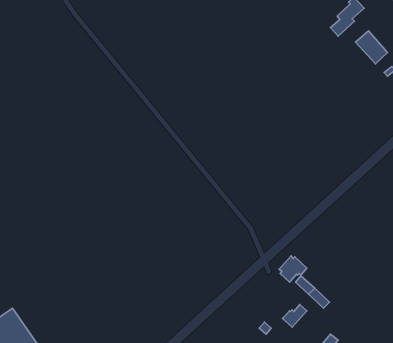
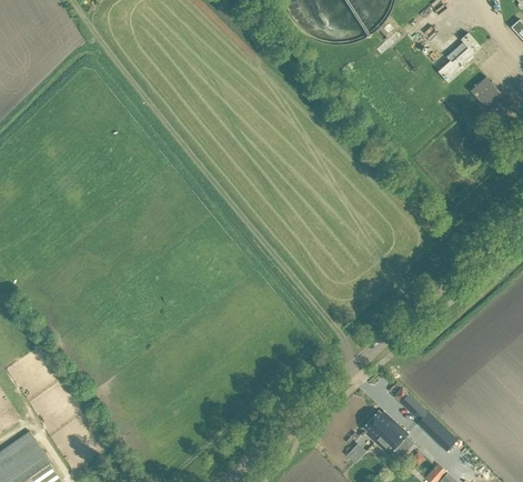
building: [279,256,307,282] -> [362,410,398,443]

